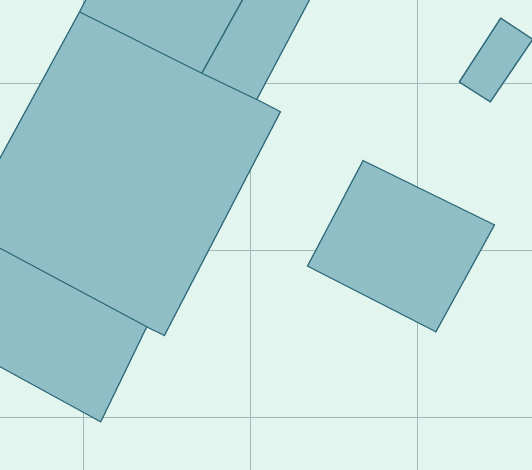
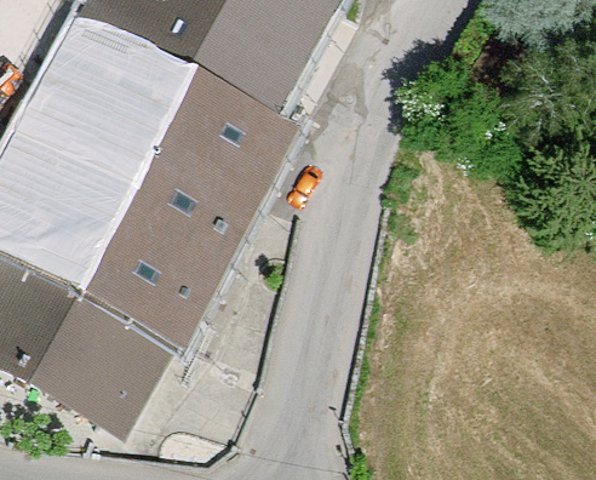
building: [307,160,494,332] -> none

